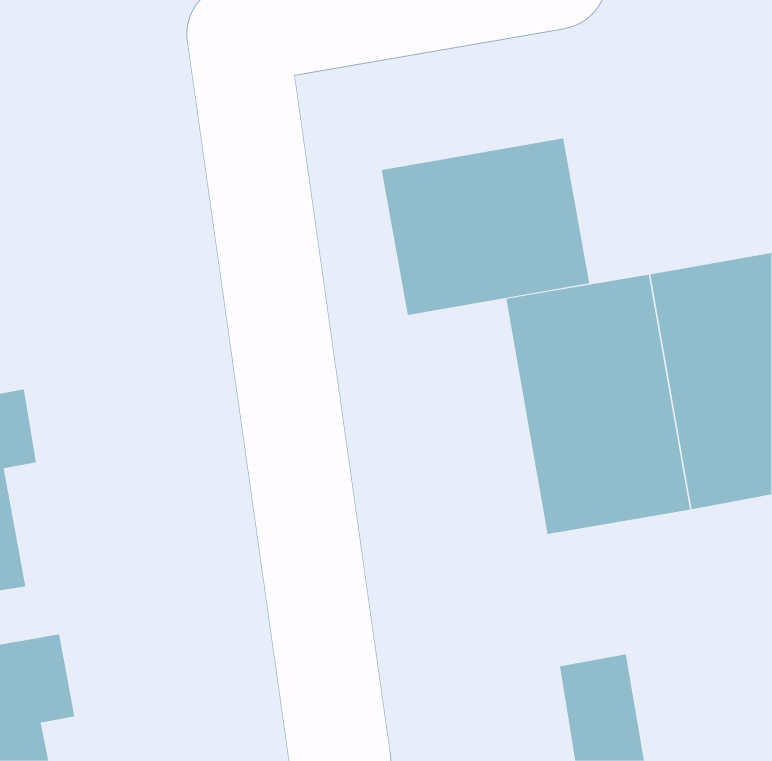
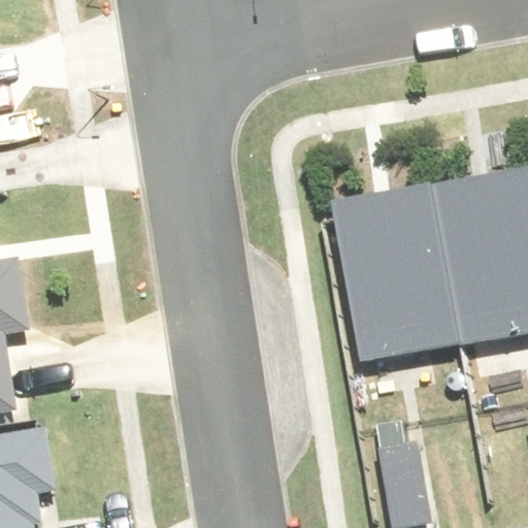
building: [381,138,590,316] -> none

